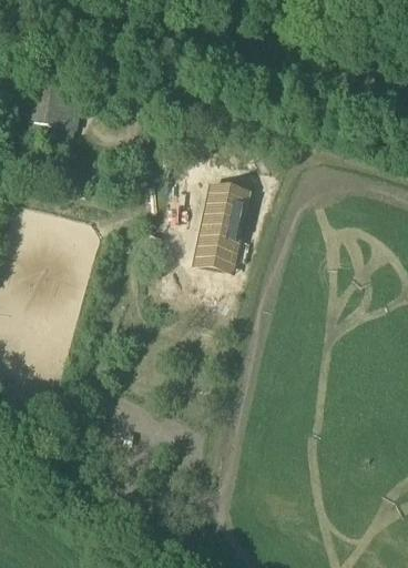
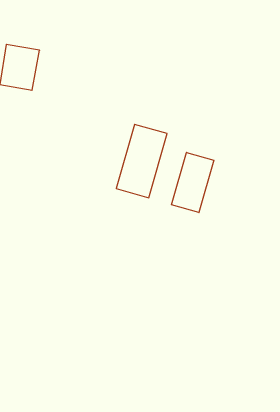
building: none -> [172,152,214,213]

